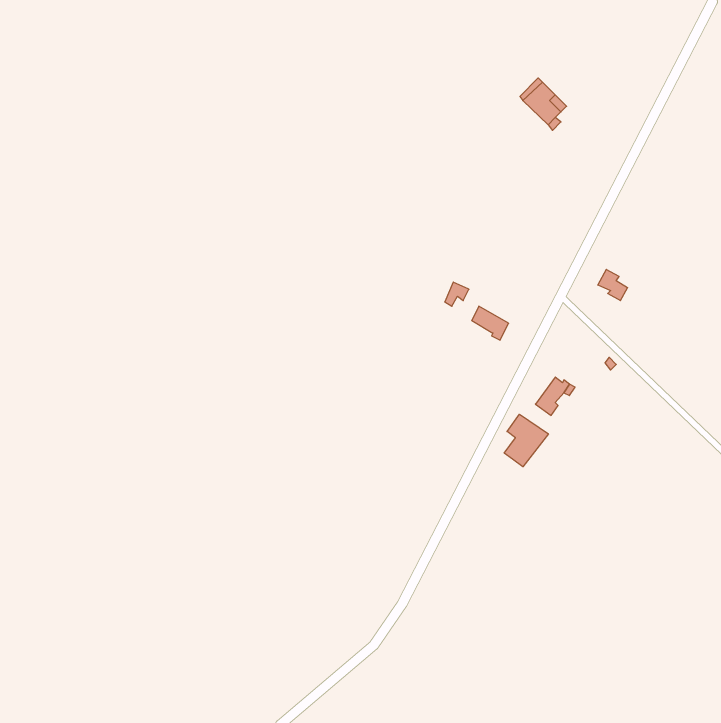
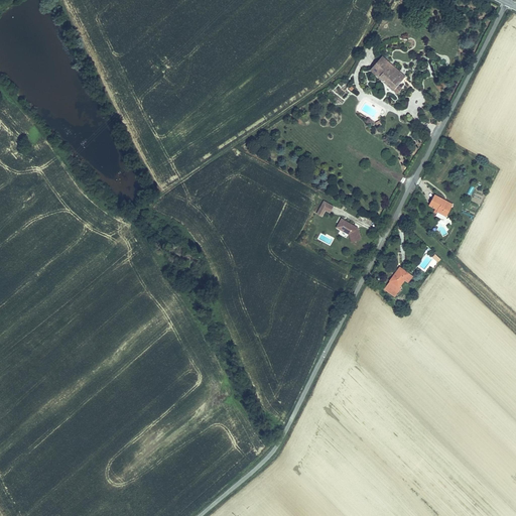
building: [504,414,548,467] -> none

